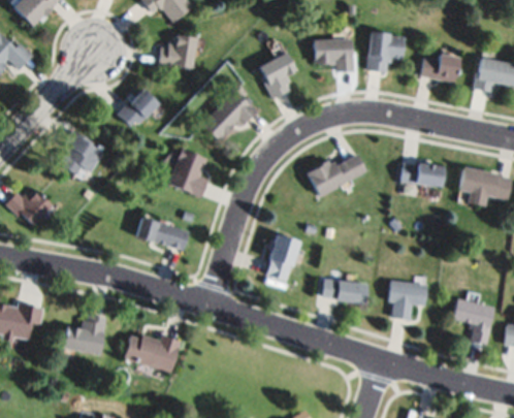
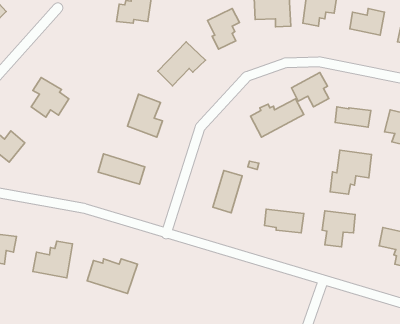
building: [118,88,159,126] -> none
building: none -> [292,72,329,107]
building: none -> [330,150,371,194]

